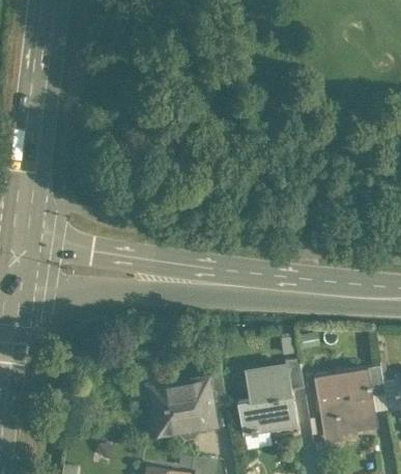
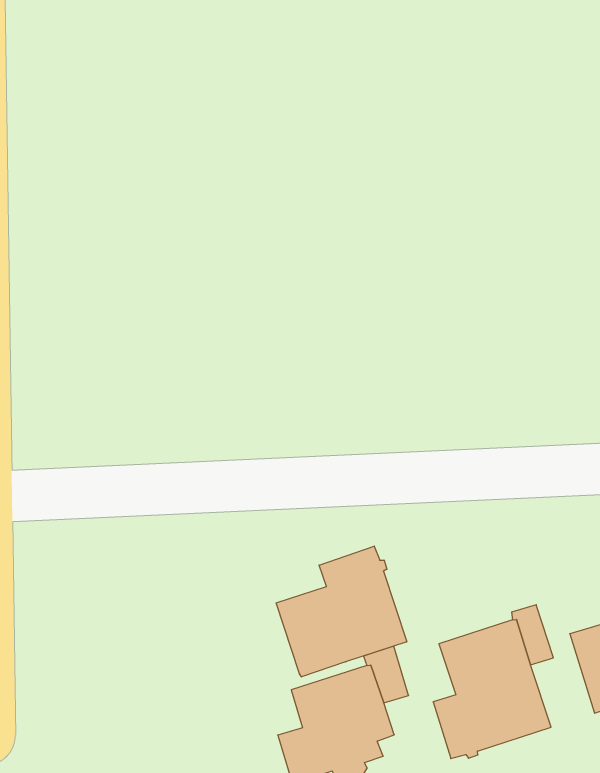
building: none -> [276,546,407,677]

